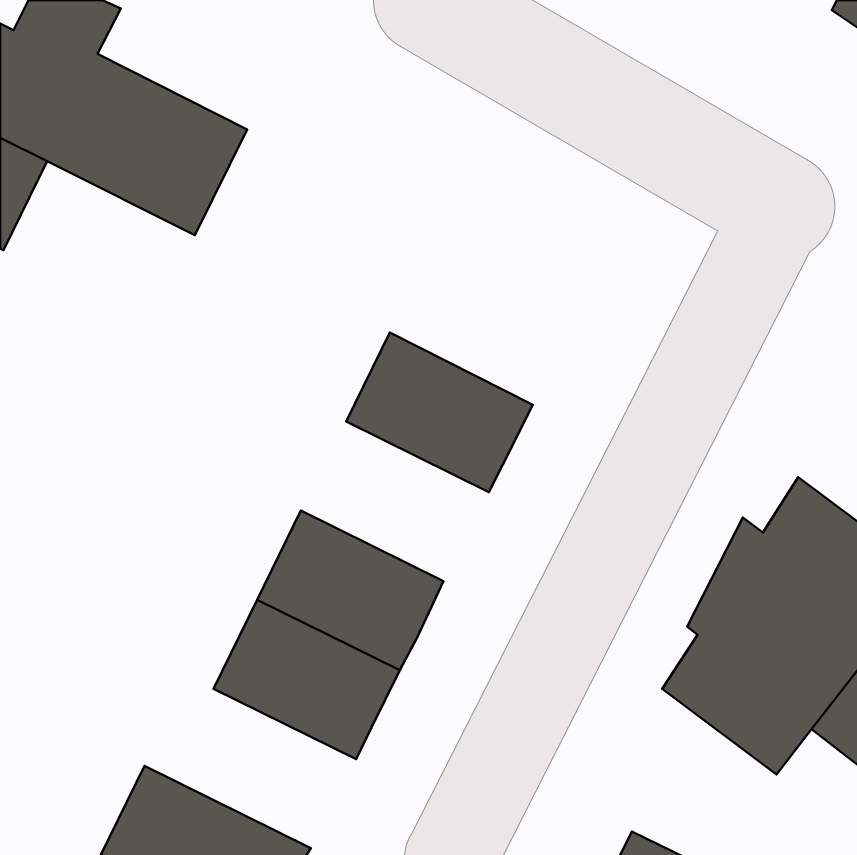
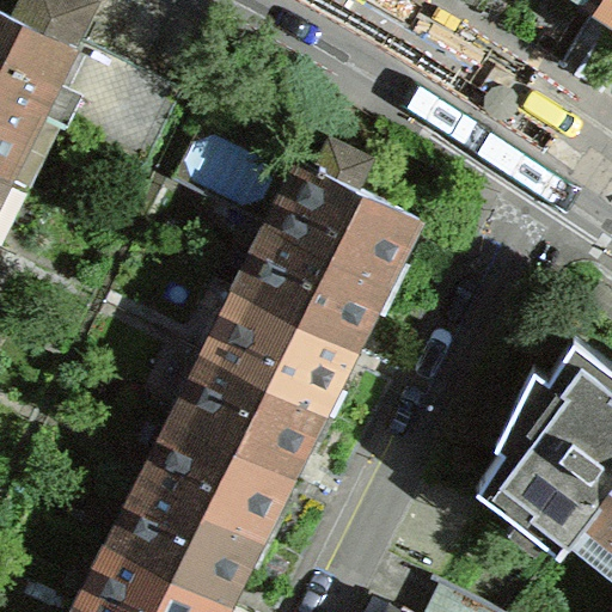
building: none -> [279,146,414,290]
building: none -> [215,302,349,416]
building: none -> [104,484,255,606]

